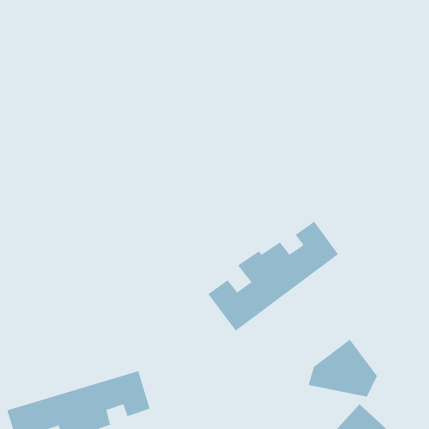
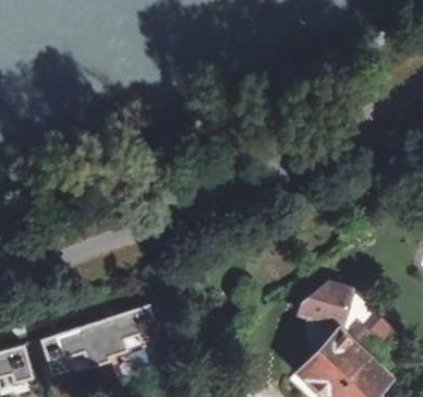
building: [208,221,339,332] -> none

